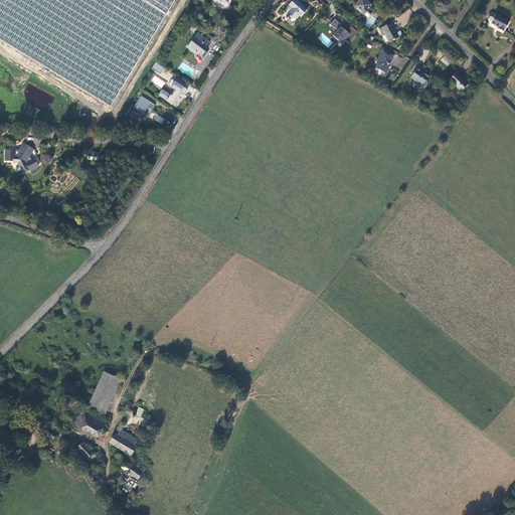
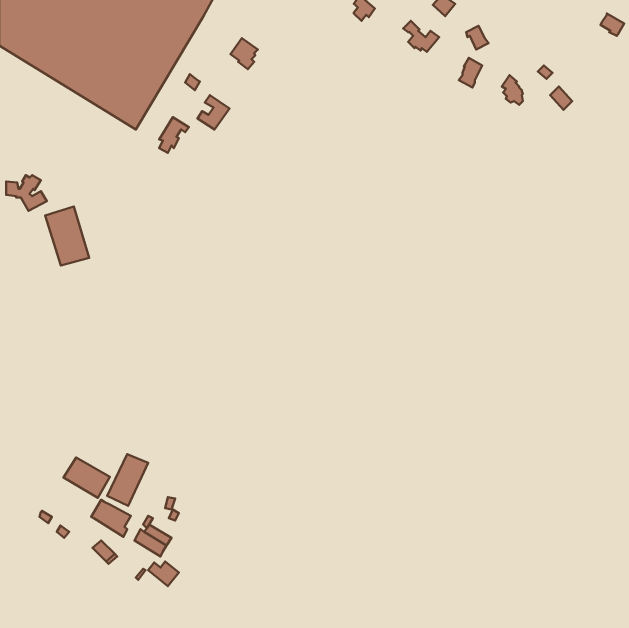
building: none -> [45,206,89,265]
building: none -> [64,457,110,498]

